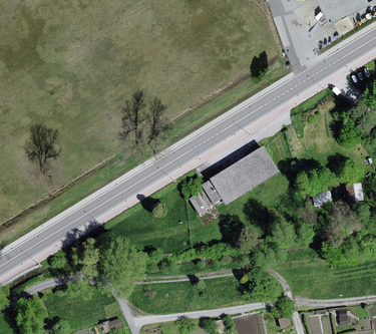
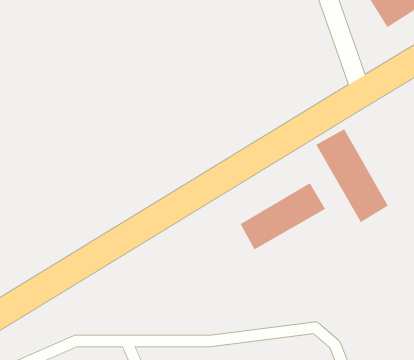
building: none -> [315,128,389,223]

